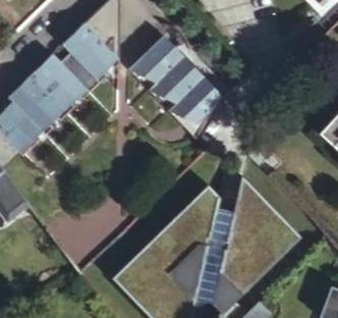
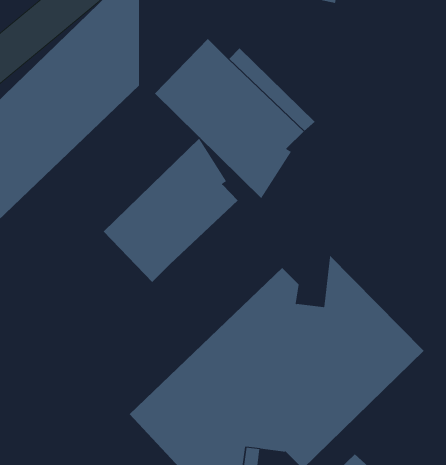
building: none -> [103,138,239,283]

